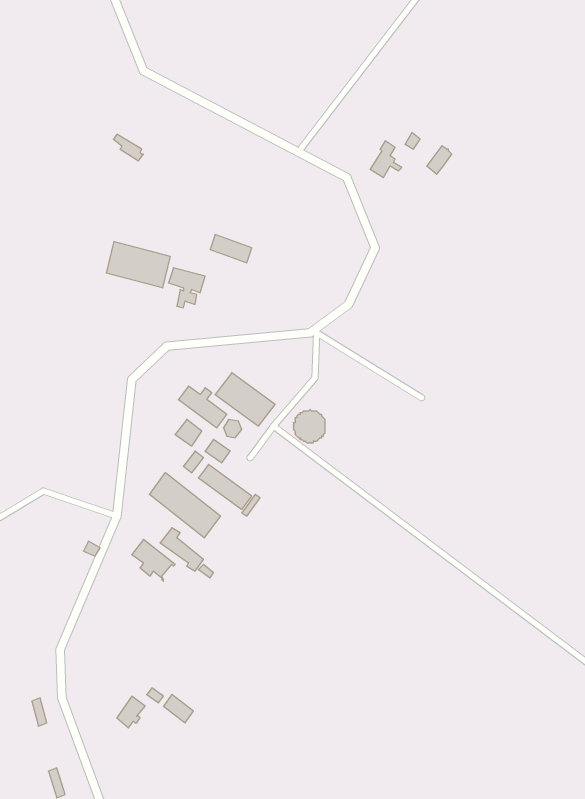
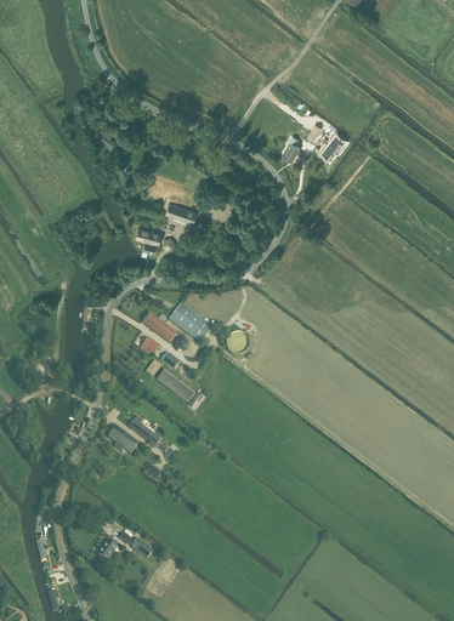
building: [106,241,170,288] -> none
building: [149,473,220,538] -> none

